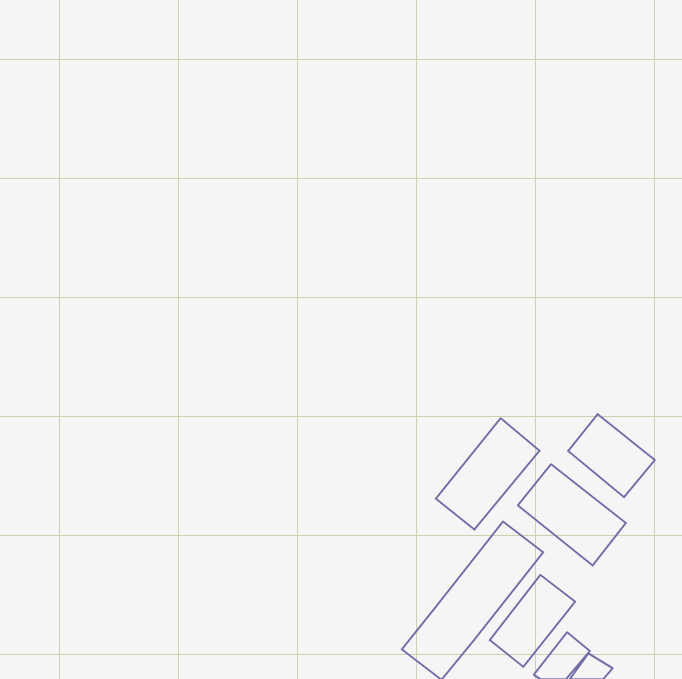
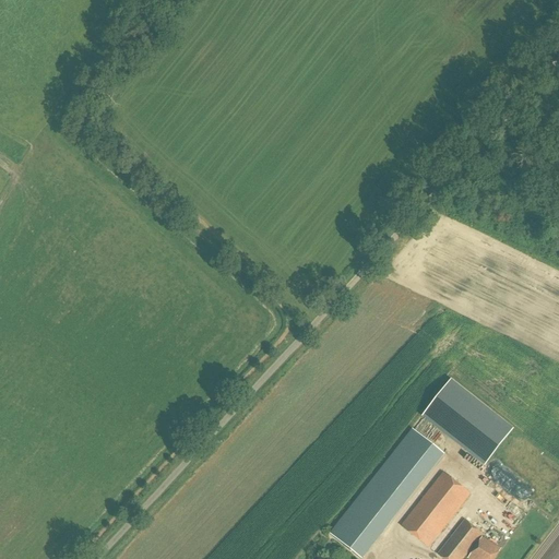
building: [568,414,655,497] -> none
building: [436,418,540,530] -> none

